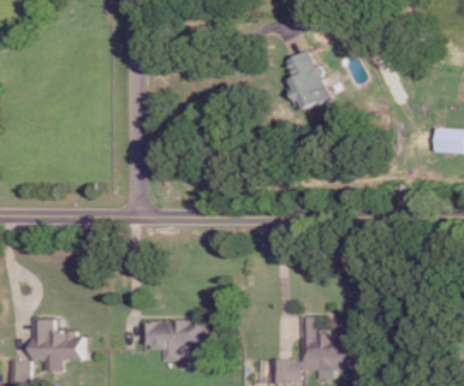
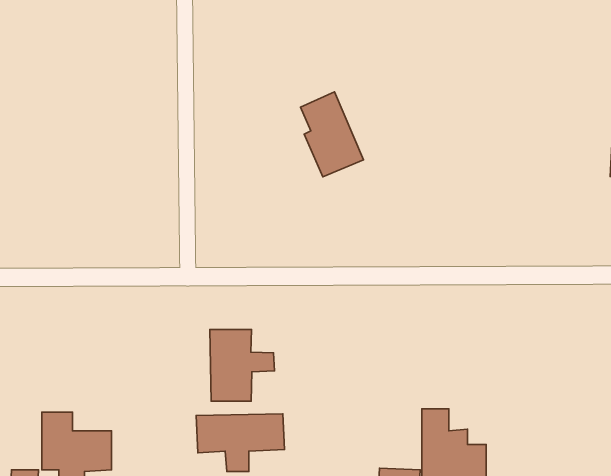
building: [286,49,331,109] -> [301,92,363,177]
building: none -> [210,330,274,401]

